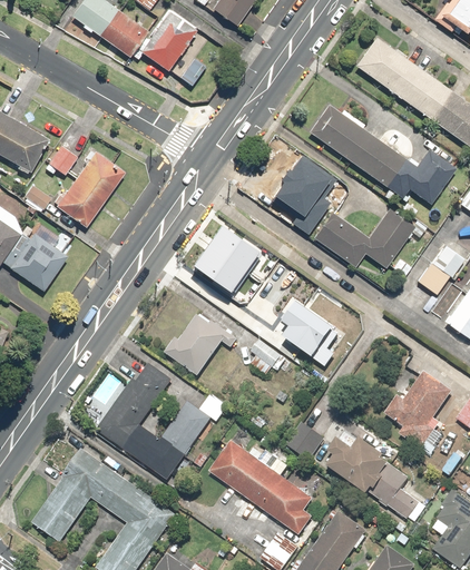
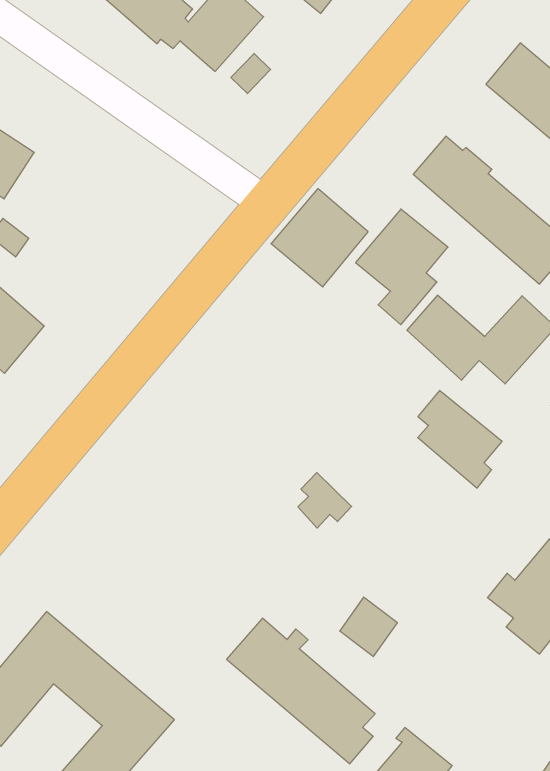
building: [47,145,77,174] -> none
building: [52,150,124,225] -> none
building: [194,225,260,292] -> [271,189,368,287]
building: [280,299,339,364] -> [418,391,502,488]
building: [165,316,237,377] -> none
building: [97,362,228,481] -> none
building: [327,429,427,524] -> none

